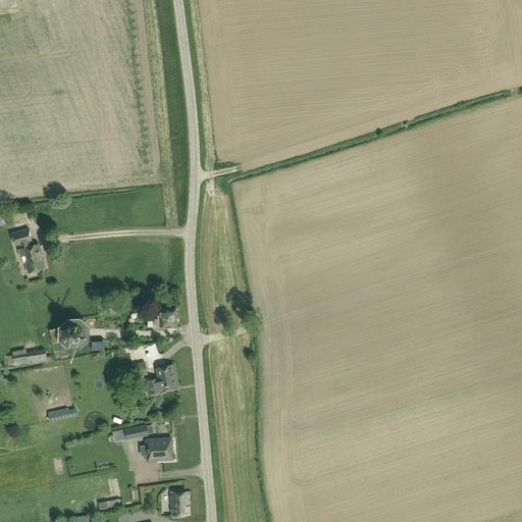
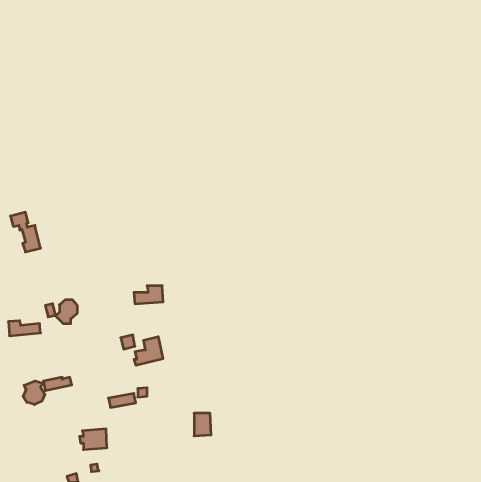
building: none -> [23,381,45,405]
building: [142,438,171,461] -> [80,429,107,450]
building: [170,491,189,516] -> [194,413,211,436]

